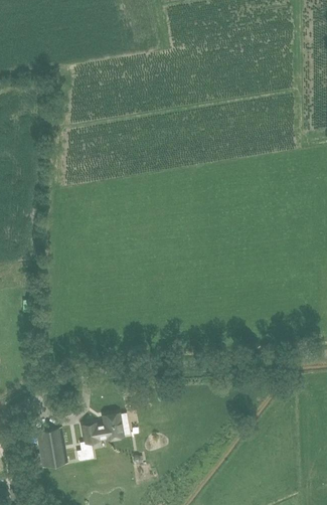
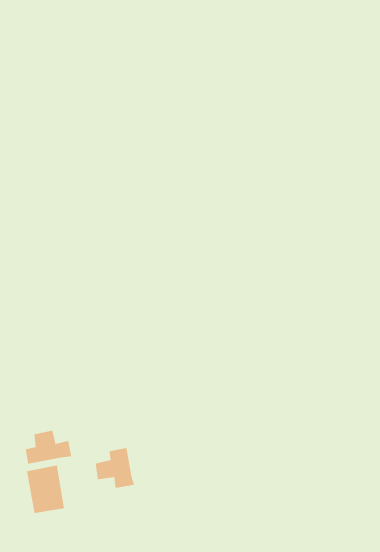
building: none -> [25,430,72,464]

